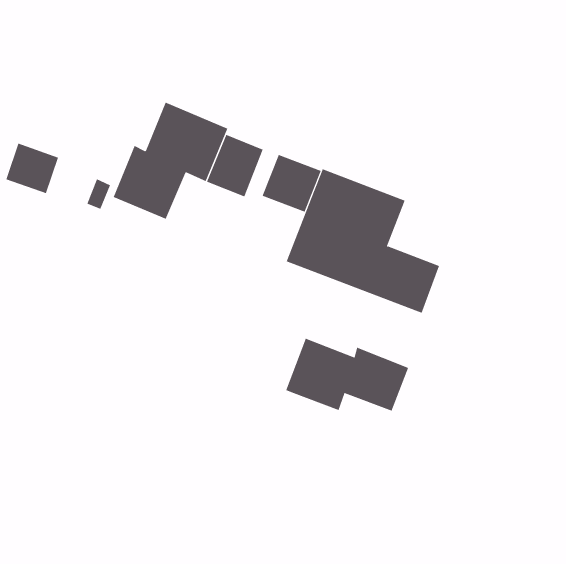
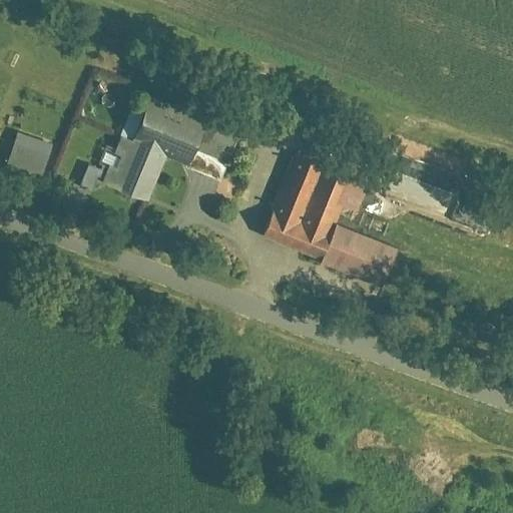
building: [262,154,321,213] -> none
building: [286,338,409,412] -> none

